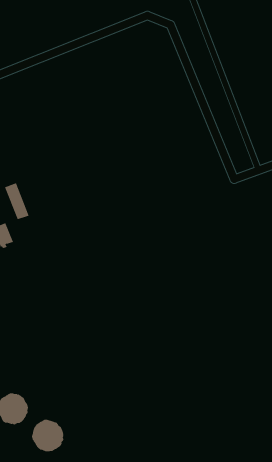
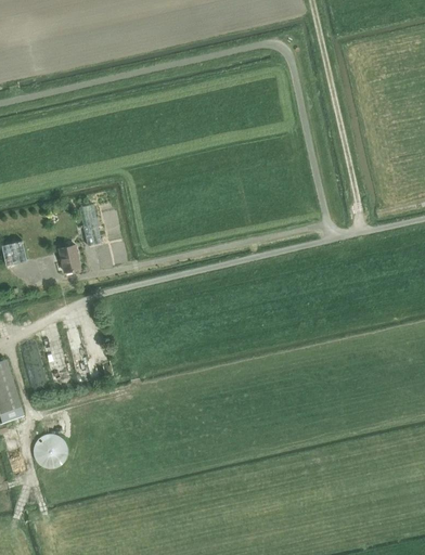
building: [31,419,64,452] -> none

